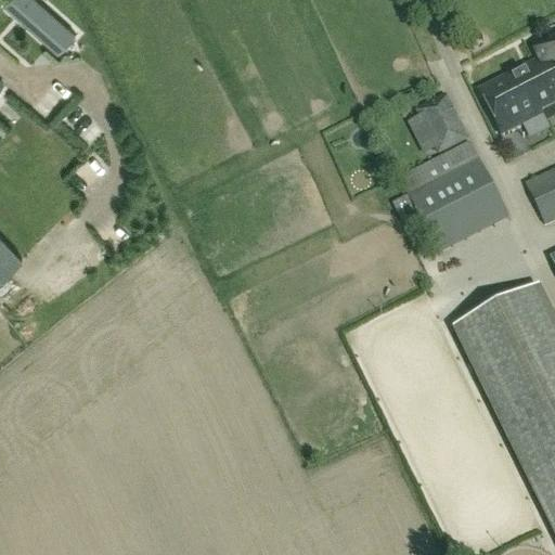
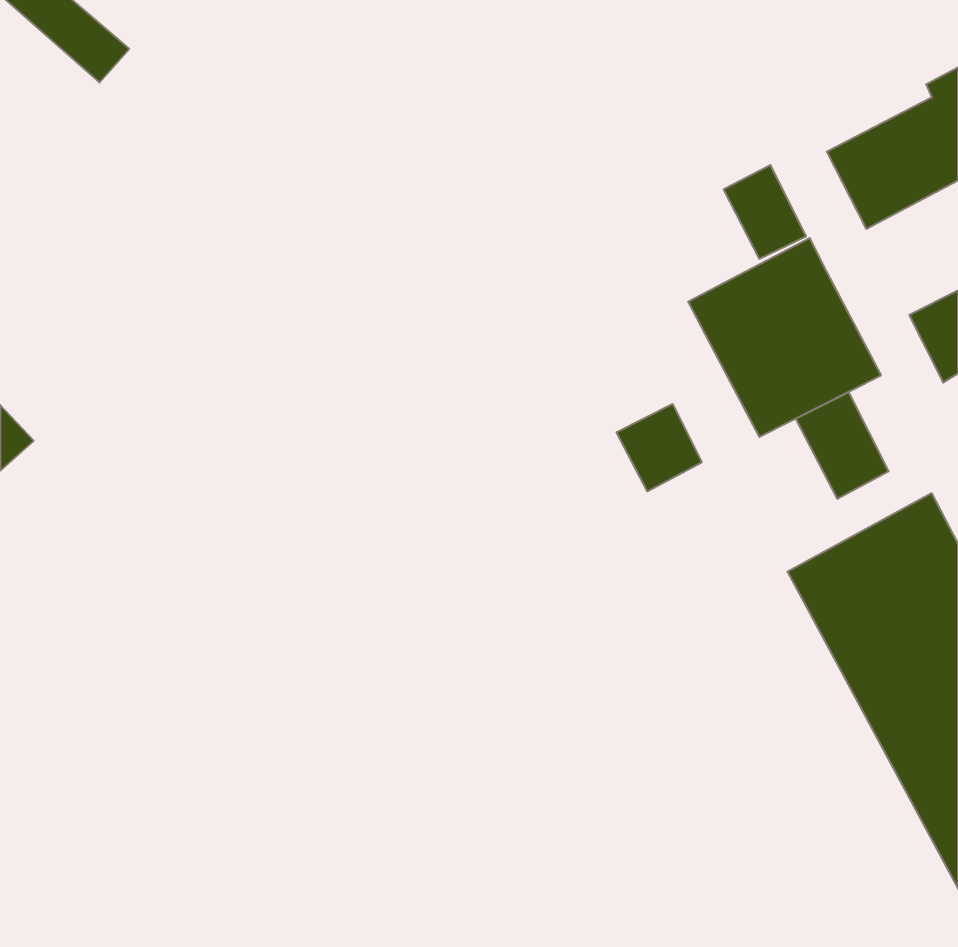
building: none -> [796,392,889,499]
building: none -> [617,404,702,491]

